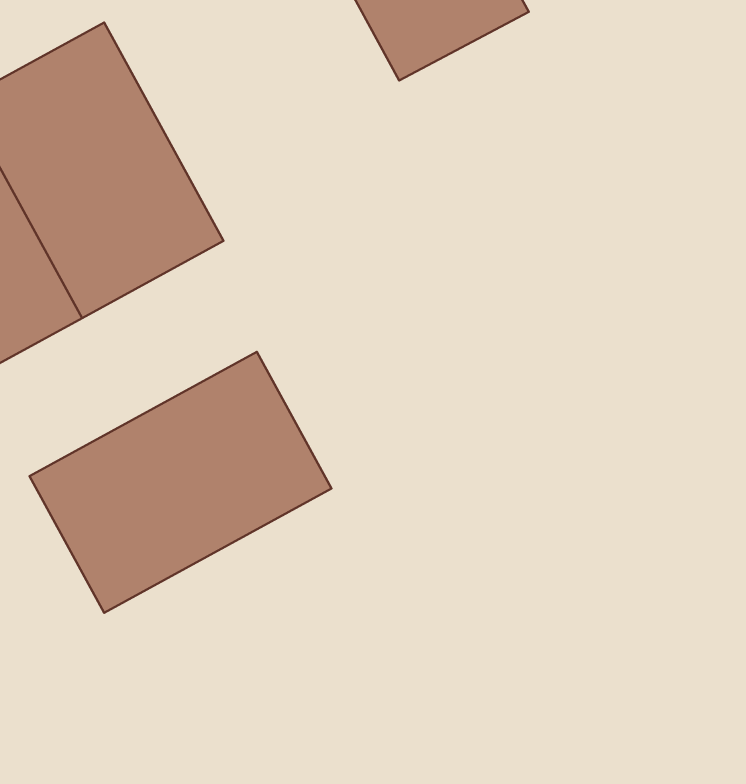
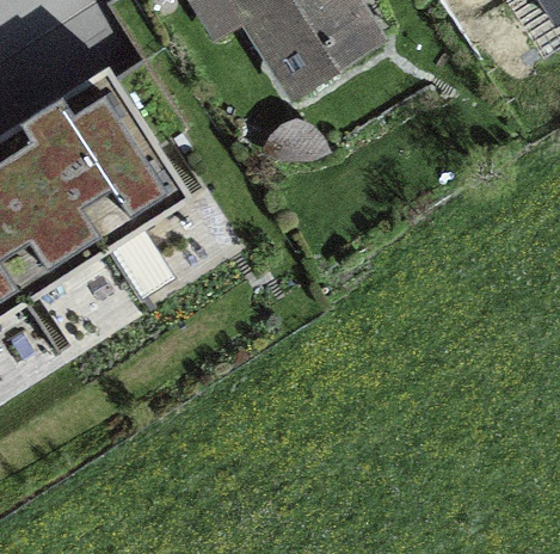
building: [29,352,332,613] -> none

